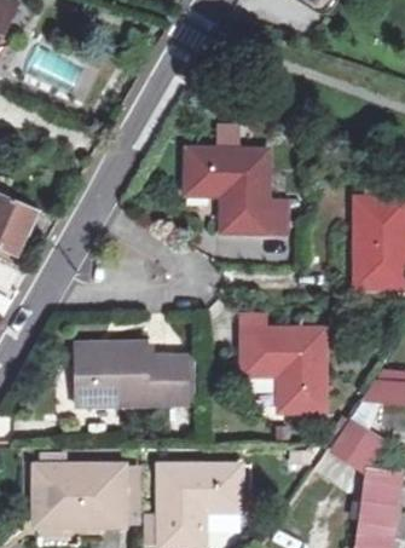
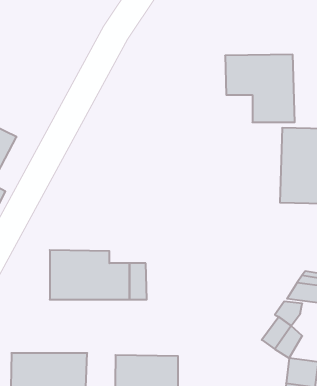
building: [187,145,271,226] -> [225,55,295,122]
building: [242,329,325,410] -> none

